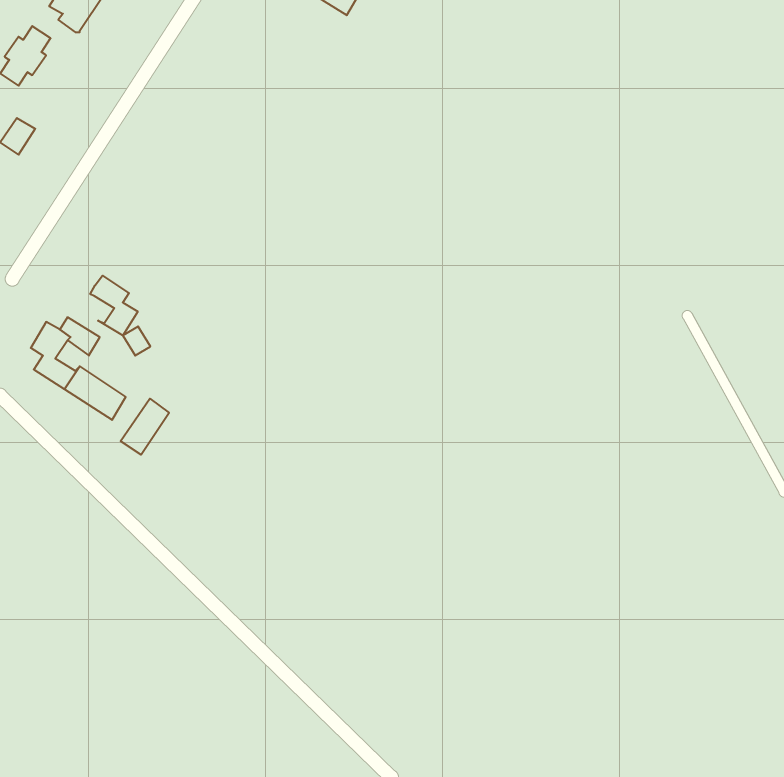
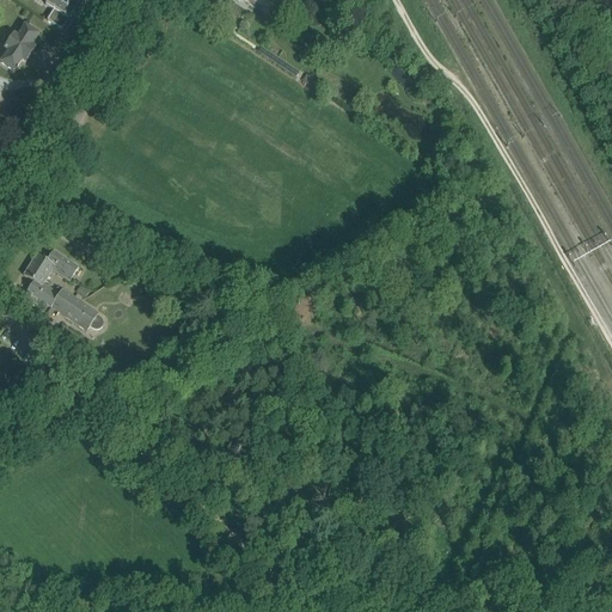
building: [90,276,138,336] -> none
building: [121,399,169,455] -> none

